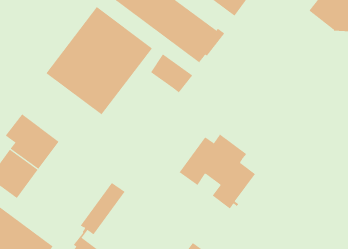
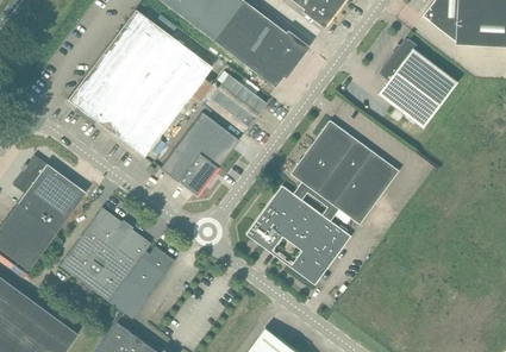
building: none -> [379,39,458,128]
building: none -> [160,112,238,195]
building: none -> [291,120,399,225]
building: none -> [60,207,156,306]

